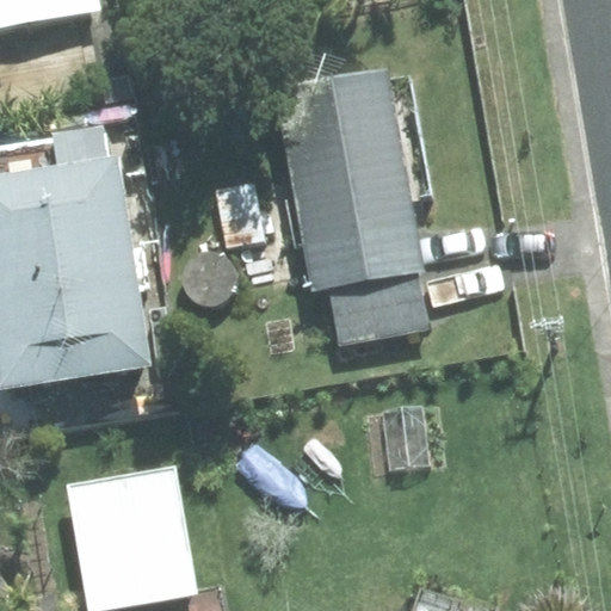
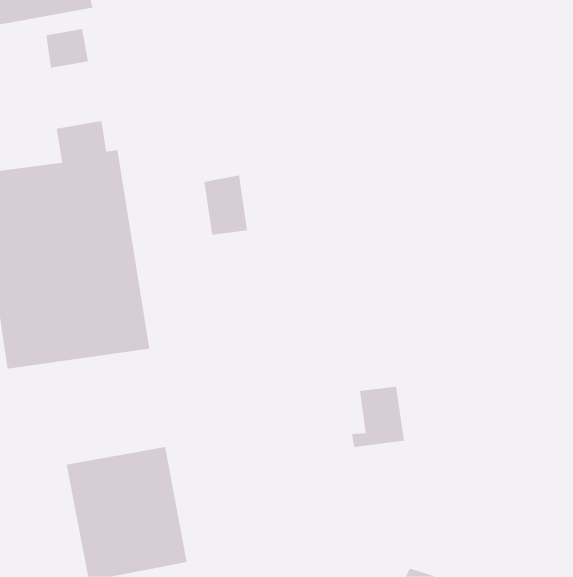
building: [279,74,427,342] -> none

